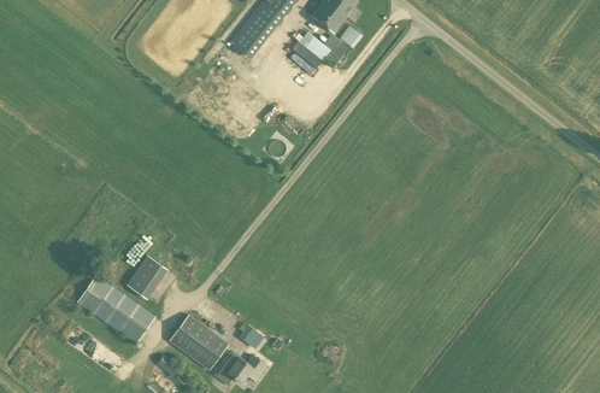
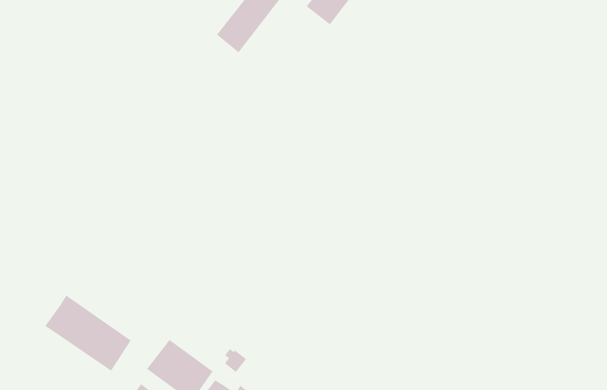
building: [292,25,361,69] -> none
building: [125,256,166,299] -> none

